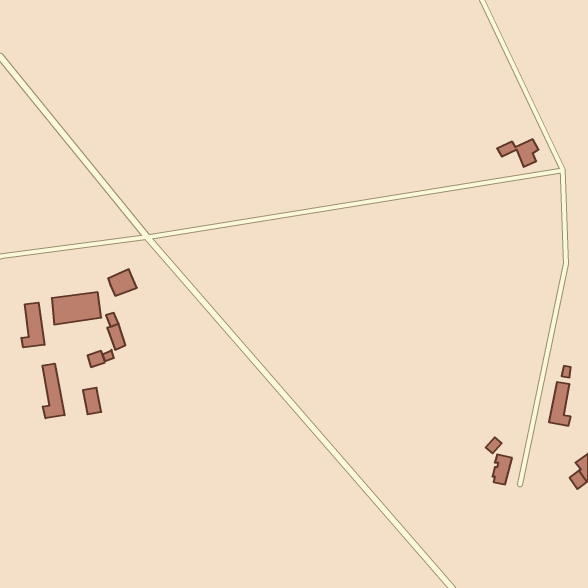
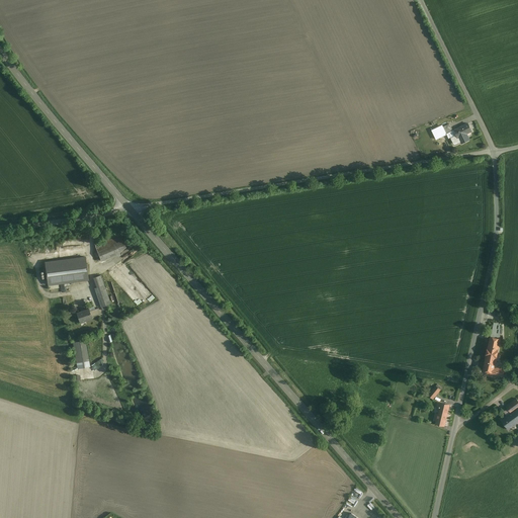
building: [21,303,44,347] -> none
building: [42,364,65,418] -> none

